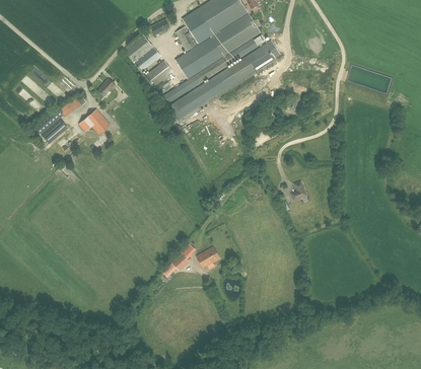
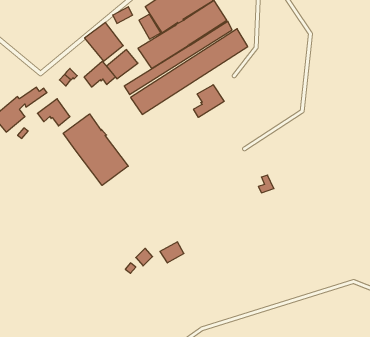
building: none -> [84,61,116,87]
building: none -> [194,85,224,117]
building: none -> [63,114,128,185]

